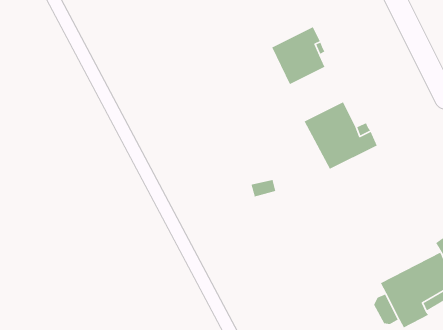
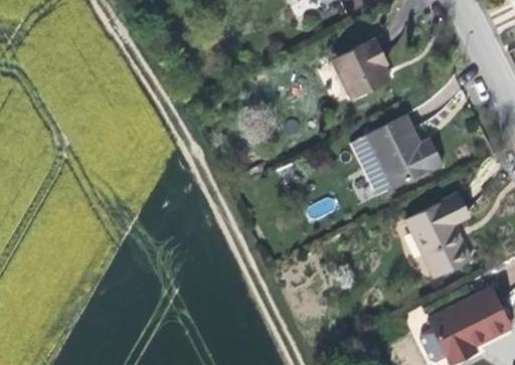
building: none -> [347,139,391,199]
building: none -> [404,191,471,277]

